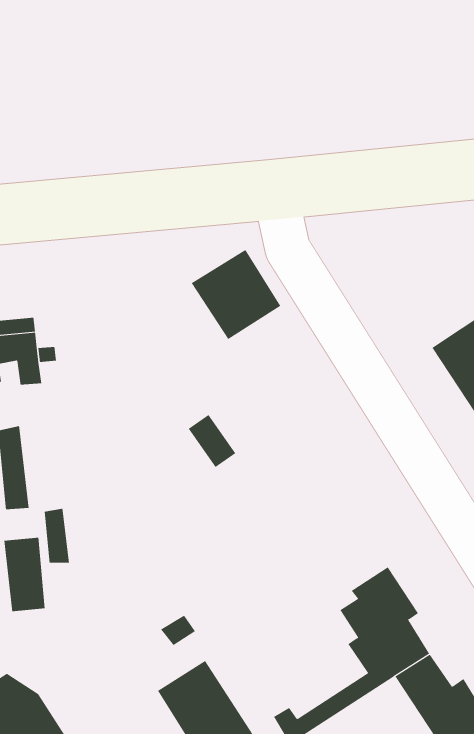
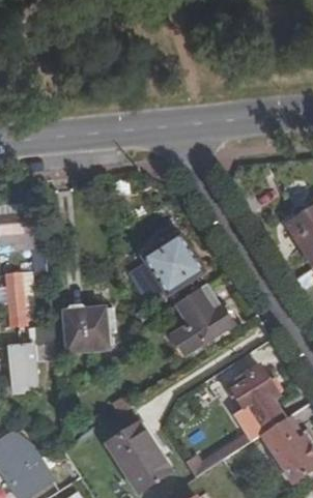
building: [191,249,281,340] -> [144,235,202,293]
building: none -> [174,285,230,344]
building: none -> [64,305,114,348]

